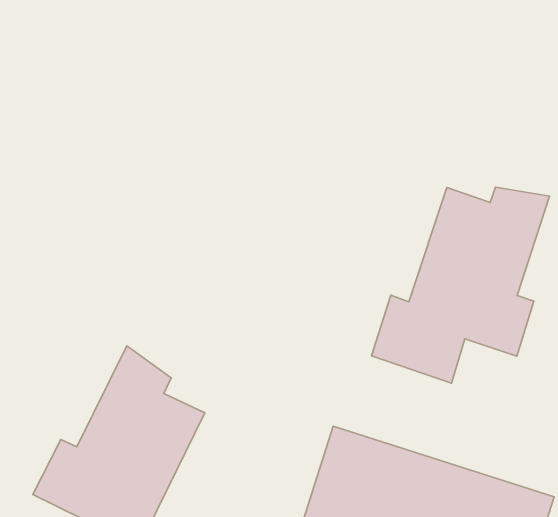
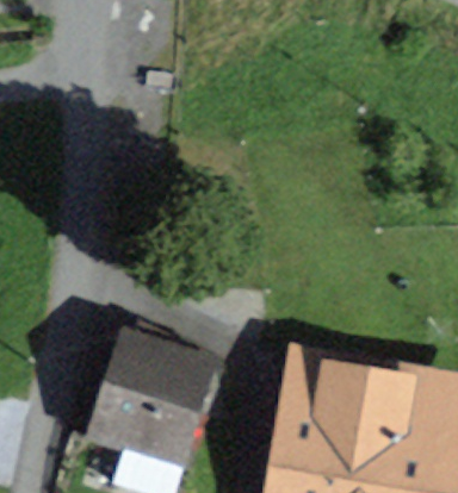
building: [371,187,550,383] -> none

